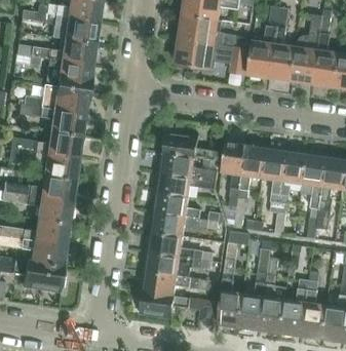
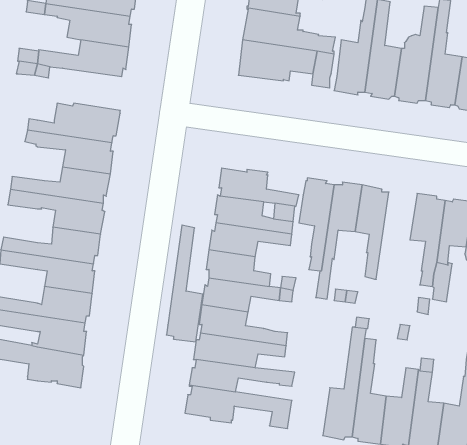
building: [46,60,93,90] -> none
building: [274,149,307,234] -> none
building: [217,242,243,327] -> [166,225,203,342]

